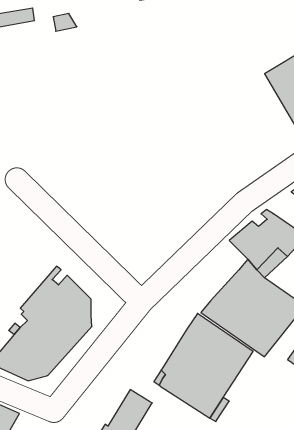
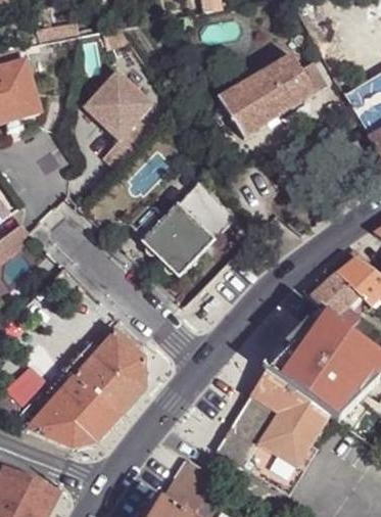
building: none -> [217,53,325,136]
building: none -> [82,70,150,166]
building: none -> [142,181,235,276]

